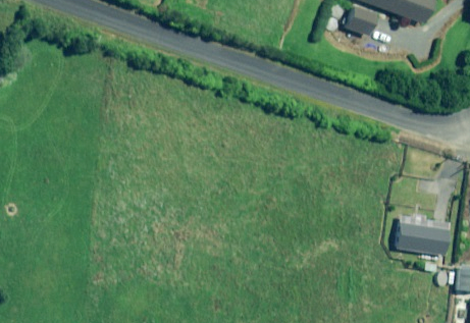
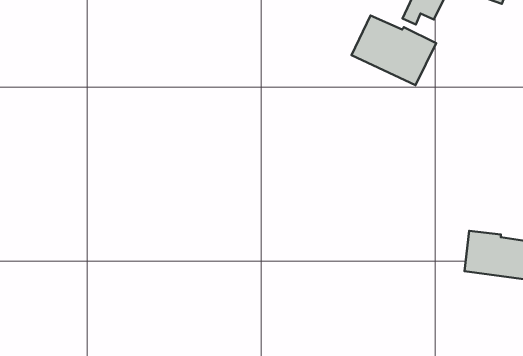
building: none -> [352,15,436,85]

